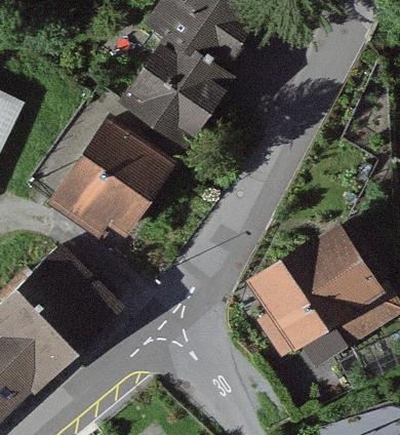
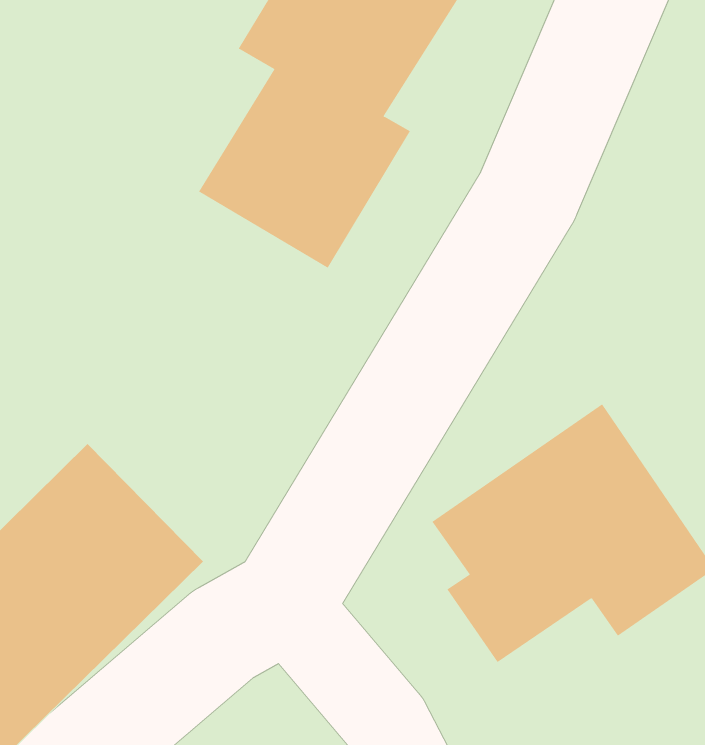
building: [46,116,173,251] -> none

